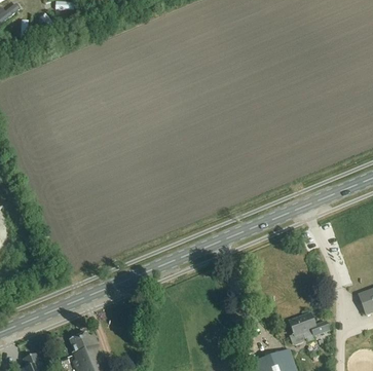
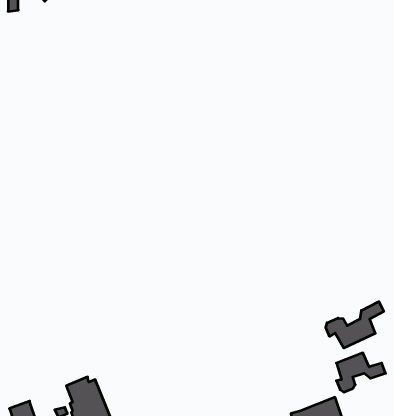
building: none -> [326,302,384,348]

